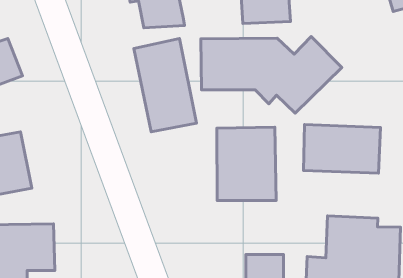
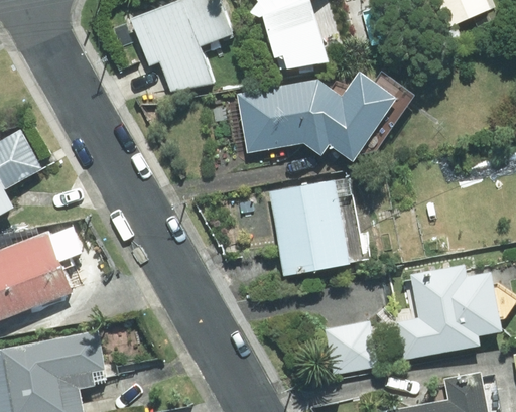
building: [134,38,196,132] -> none
building: [304,124,380,173] -> none

